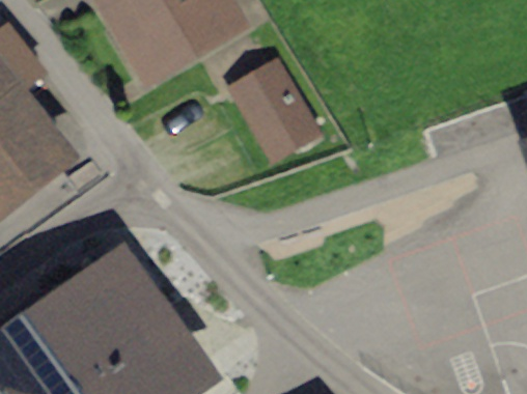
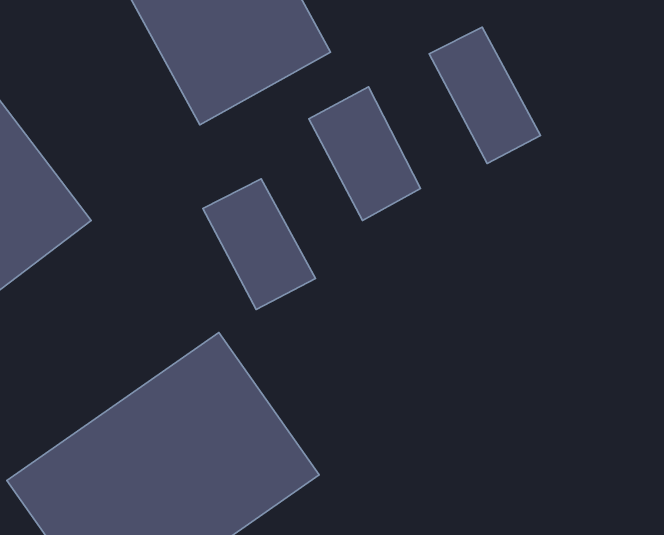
building: none -> [429,27,541,163]
building: none -> [203,179,315,309]

